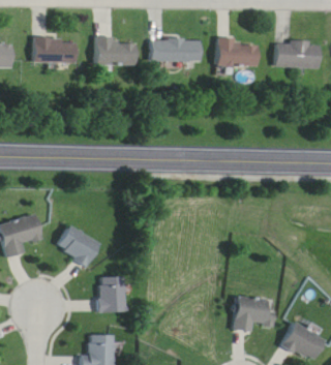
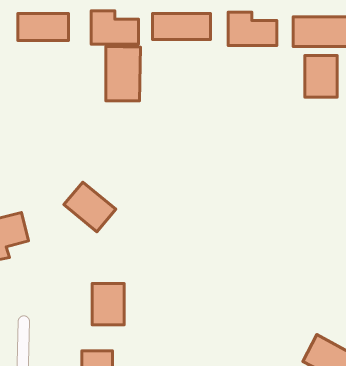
building: none -> [106,47,141,101]
building: none -> [305,56,337,97]
building: [55,222,100,266] -> [64,182,116,232]
building: [233,295,276,330] -> none

